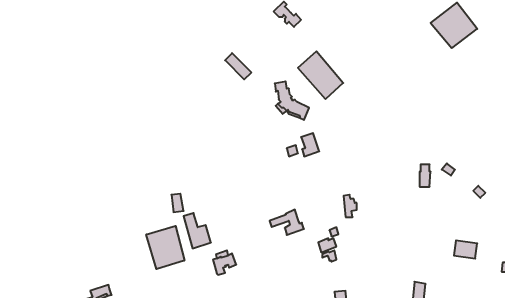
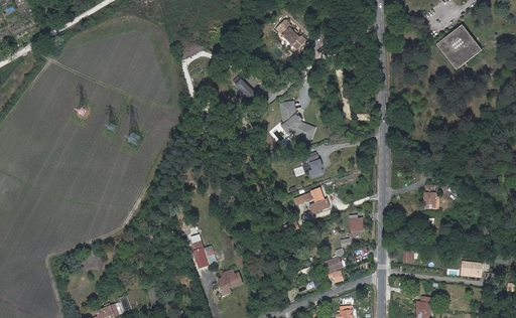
building: [298,51,343,99] -> none
building: [270,210,304,235] -> [293,187,328,212]
building: [146,226,184,269] -> none

